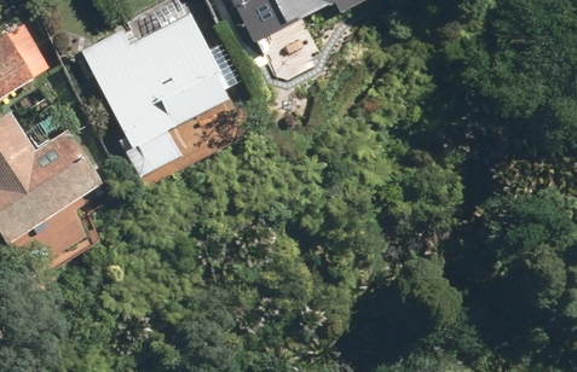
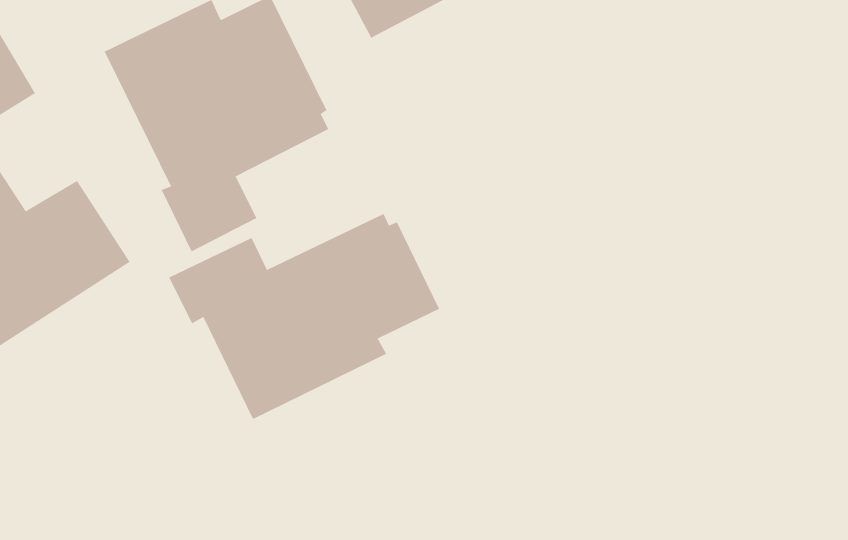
building: none -> [168,213,440,420]

